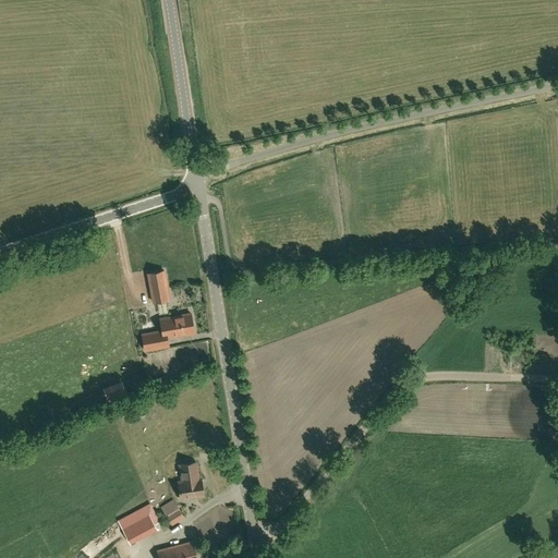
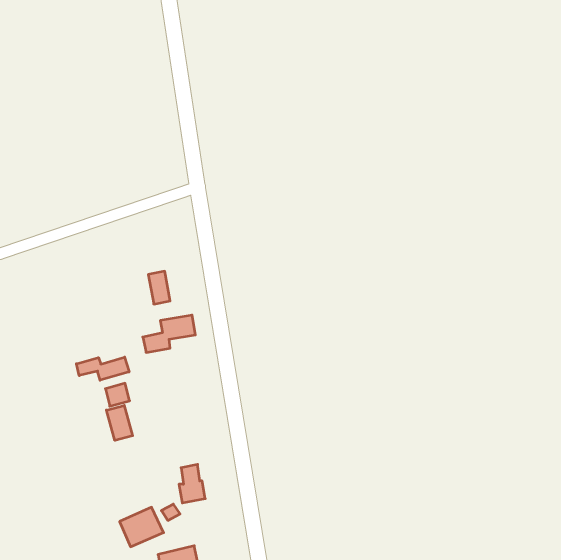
building: none -> [76,357,129,380]
building: none -> [106,405,133,440]

